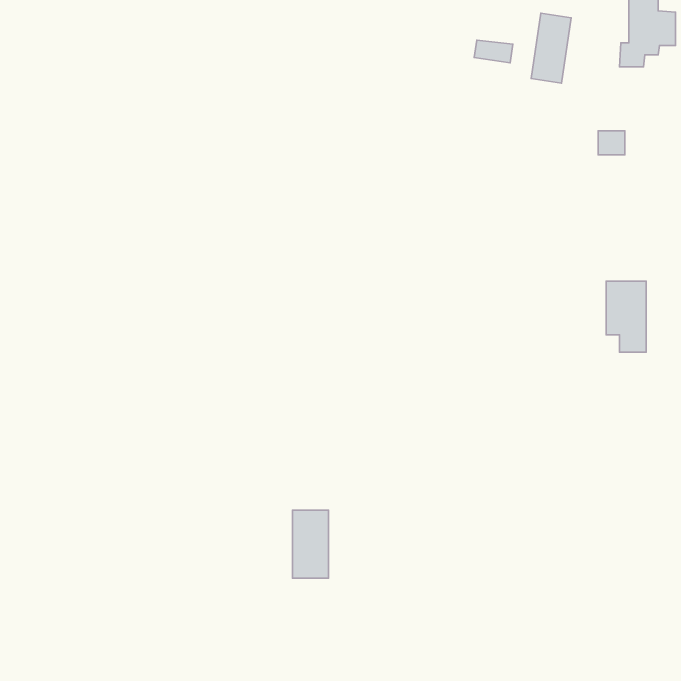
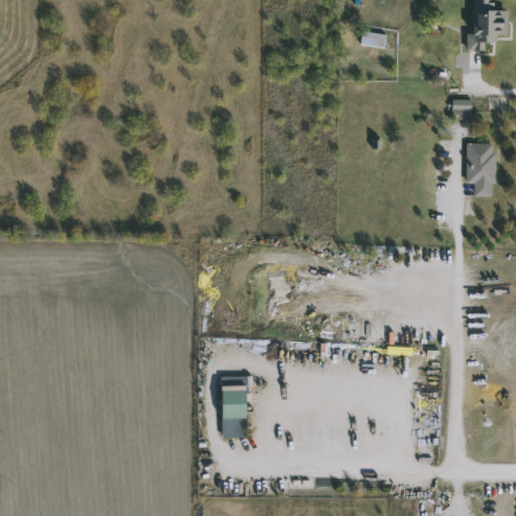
building: [531,13,571,83] -> none
building: [606,281,646,352] -> [466,142,496,196]

